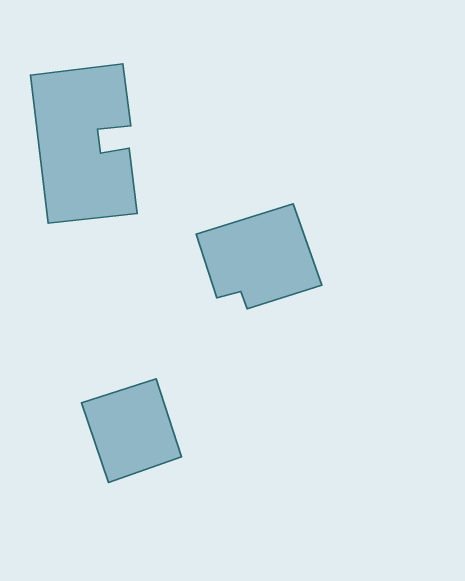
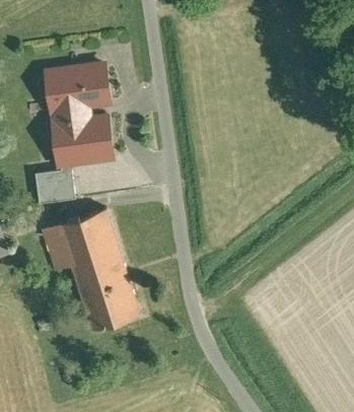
building: [196,204,322,309] -> [45,211,125,278]
building: none -> [36,170,75,202]

